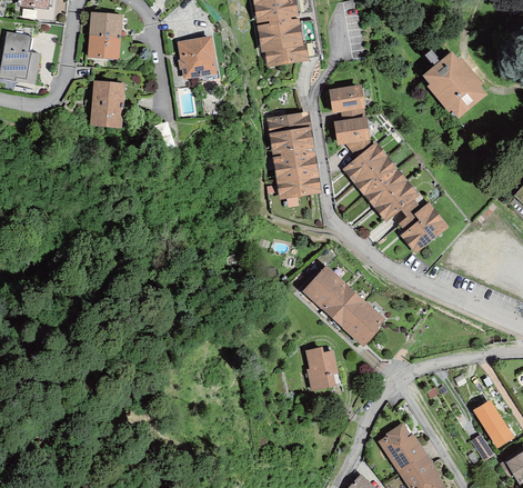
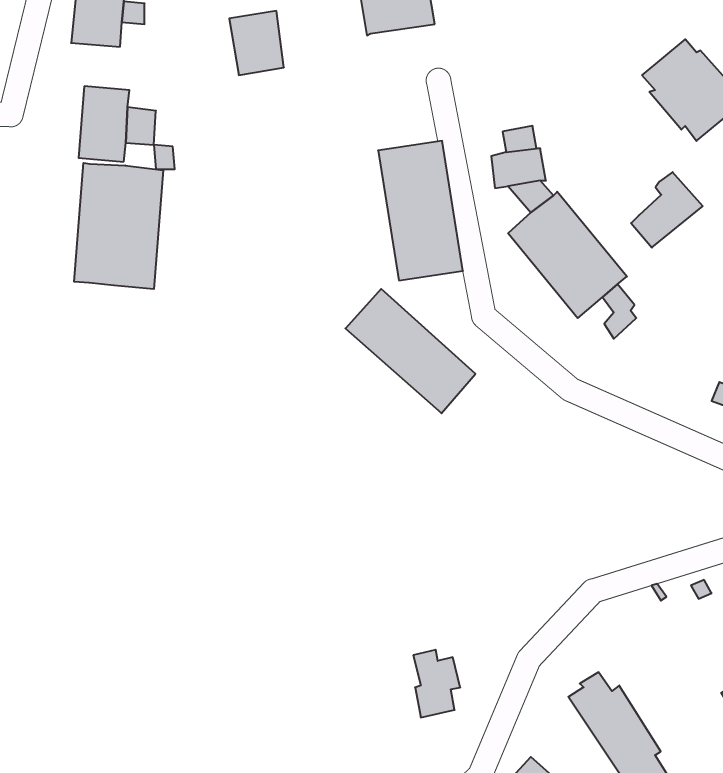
building: [264,46,304,67] -> none
building: [330,87,362,110] -> none
building: none -> [74,163,163,289]
building: [403,206,445,250] -> [631,172,703,248]
building: [304,268,381,341] -> [345,289,475,413]
building: [309,349,336,389] -> [413,650,460,717]

